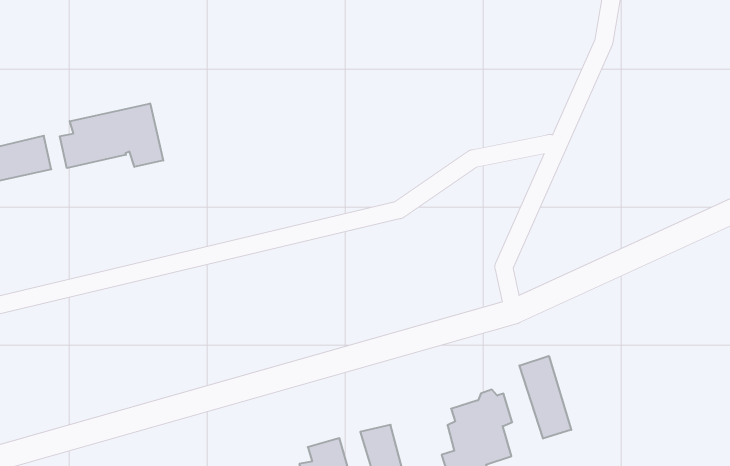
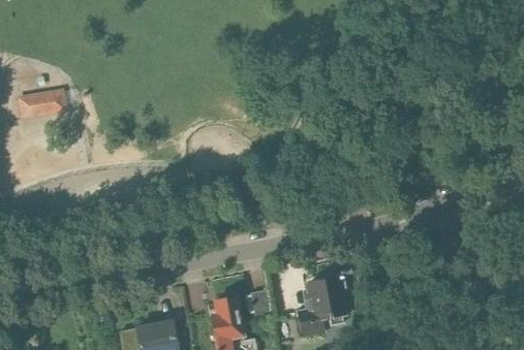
building: [60,103,163,168] -> none
building: [519,356,571,439] -> none

